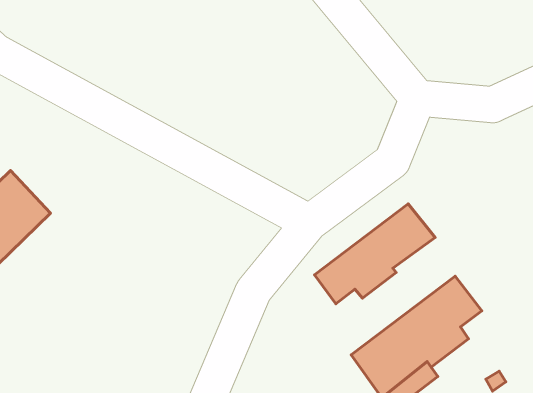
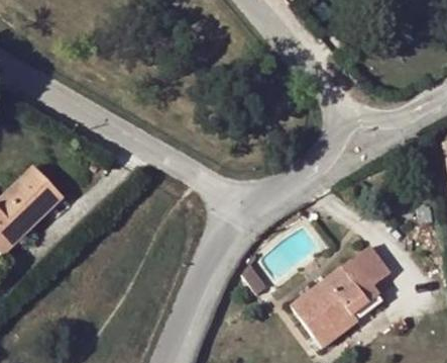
building: [314,204,435,304] -> none

